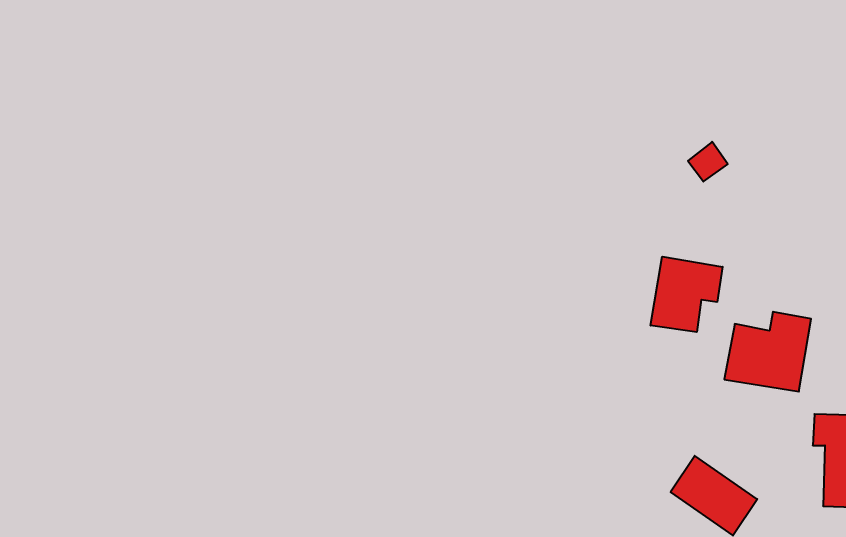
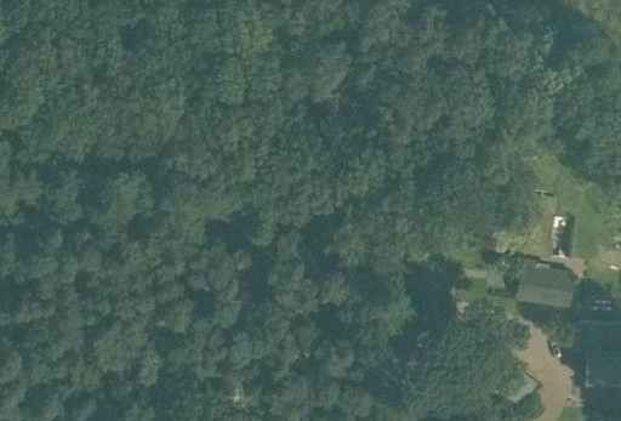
building: [651,257,723,332] -> none

